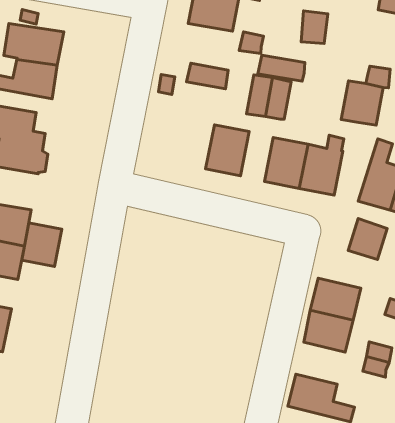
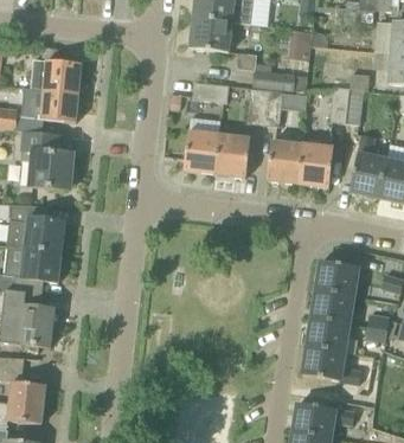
building: none -> [184,130,219,173]
building: [348,218,387,259] -> none
building: [22,223,62,267] -> none
building: none -> [307,317,348,352]

